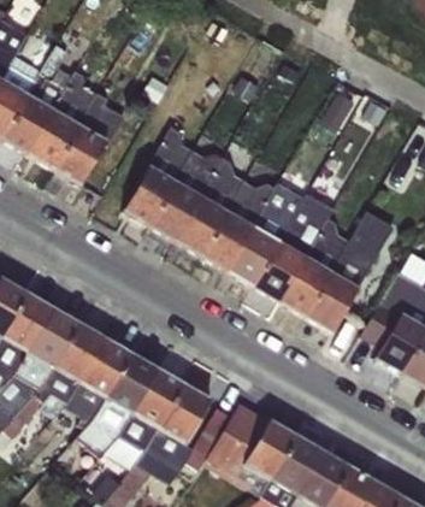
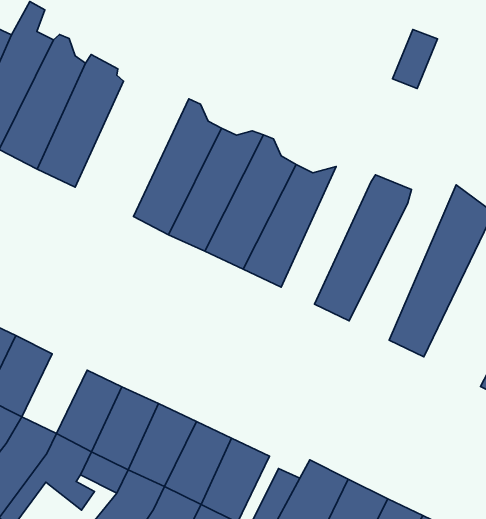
building: [229,183,302,285] -> none
building: [278,214,348,317] -> none
building: [26,308,78,369] -> none

